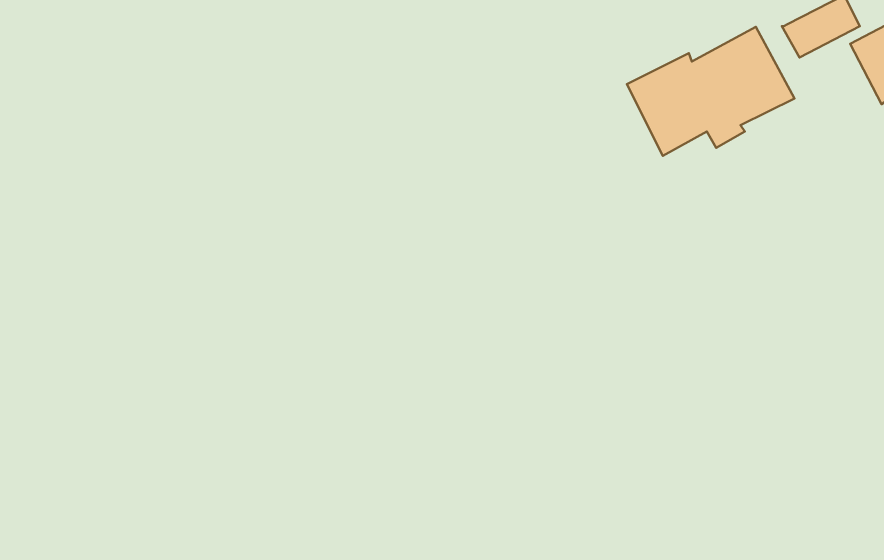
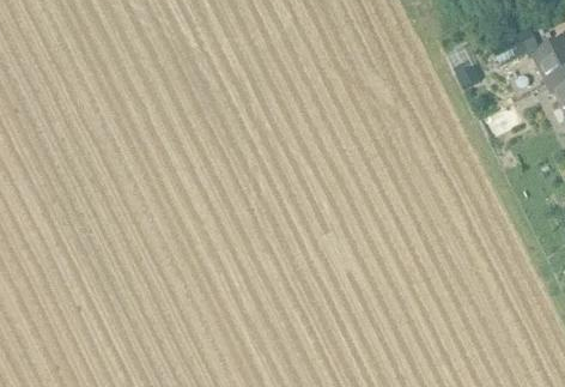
building: [627,27,794,156] -> none

